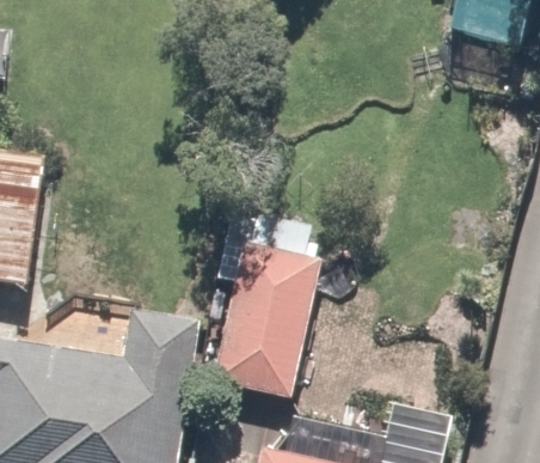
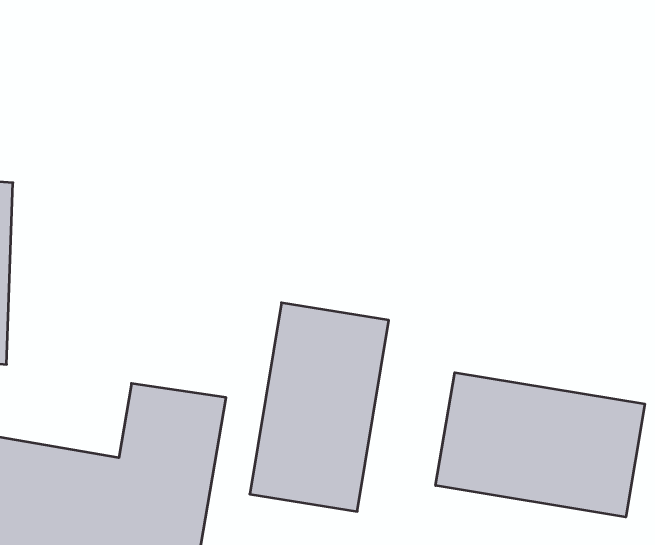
building: none -> [436,373,645,517]

